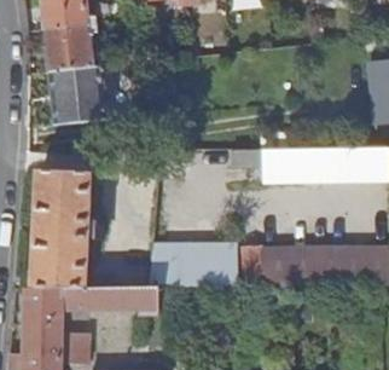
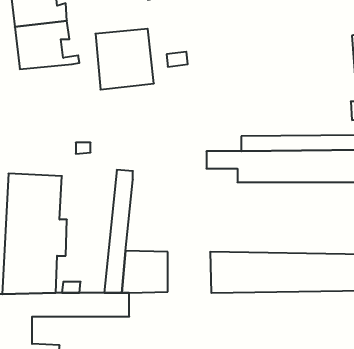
building: [51,64,108,123] -> [95,29,154,90]
building: [194,247,237,287] -> none

